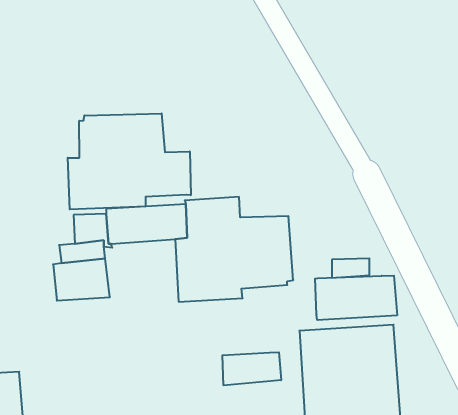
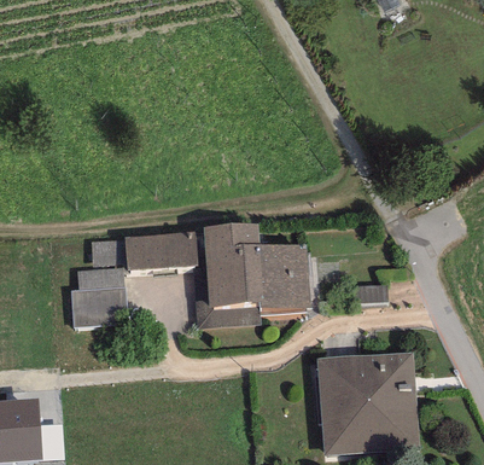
building: [68,113,191,209] -> none
building: [315,276,397,320] -> none
building: [222,352,281,385] -> none

